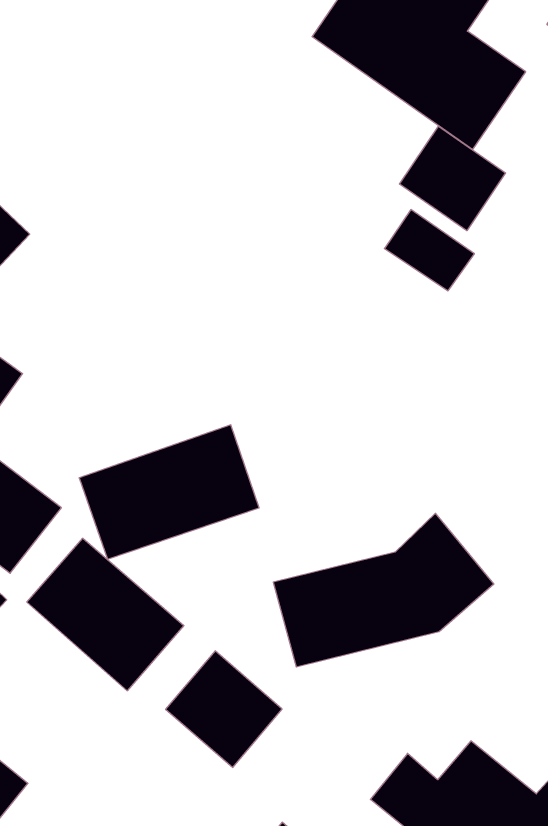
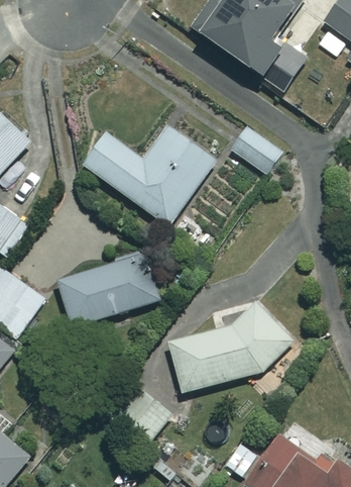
building: [399,126,506,231] -> none
building: none -> [81,126,215,226]
building: [27,538,184,691] -> none

